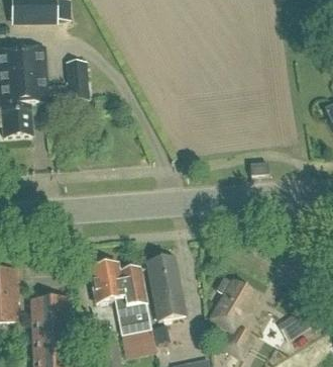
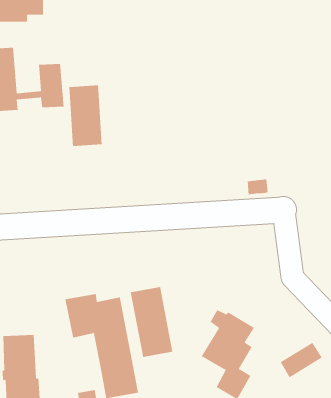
building: none -> [69,85,102,147]

